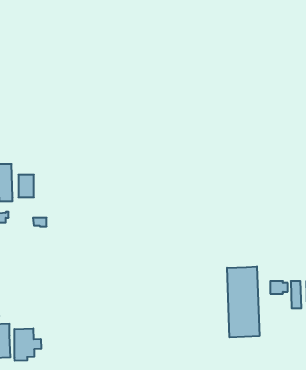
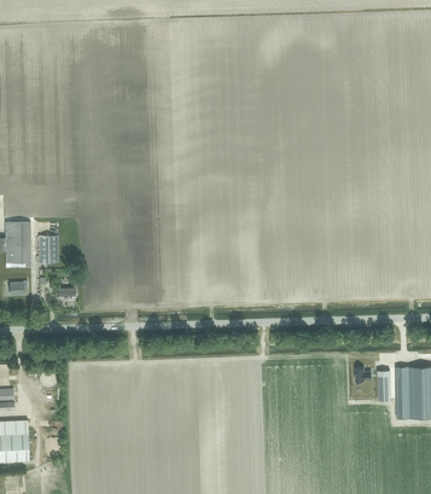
building: [227,266,259,337] -> none
building: [14,328,41,361] -> none

